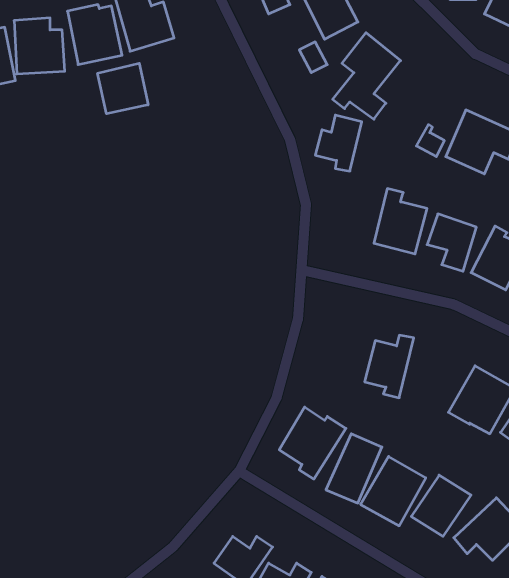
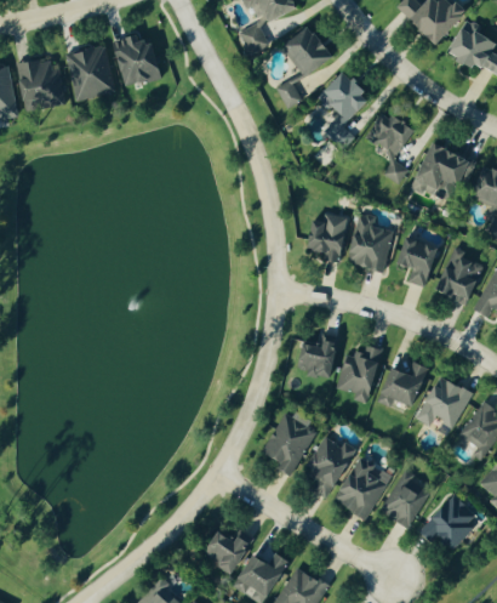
building: [98,63,148,114] -> none
building: none -> [367,112,413,154]
building: [315,115,362,171] -> [305,211,348,262]
building: none -> [293,335,337,375]
building: none -> [377,363,425,406]

